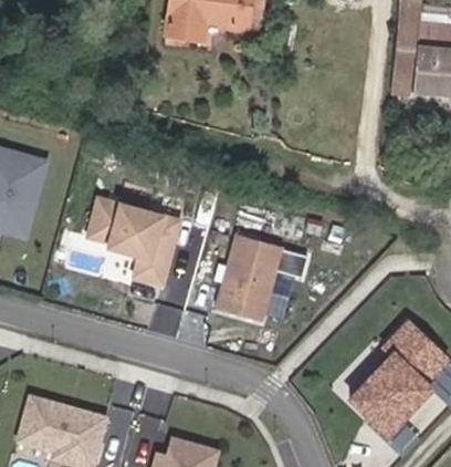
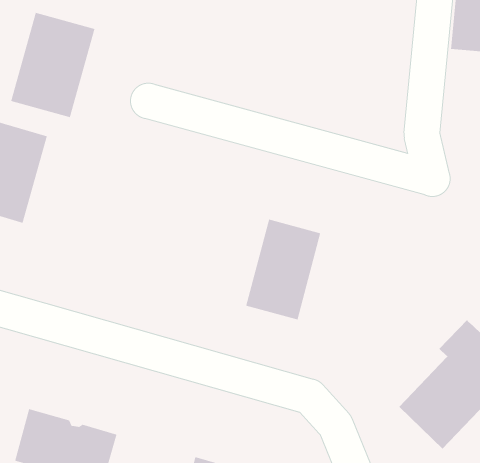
building: none -> [10,12,95,118]
building: [87,200,180,287] -> none

